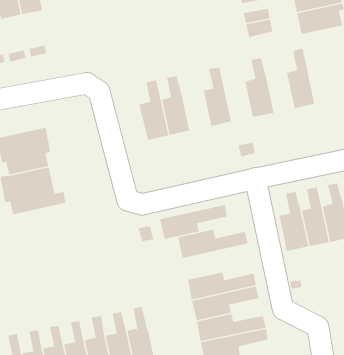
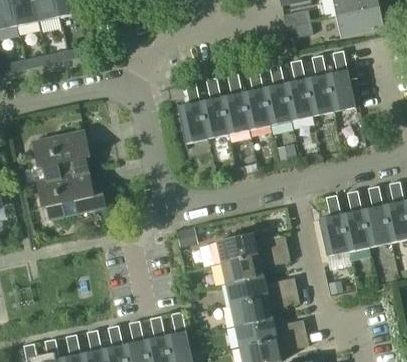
building: none -> [306,55,334,116]
building: none -> [263,64,292,125]
building: none -> [221,73,250,134]
building: [159,204,227,240] -> [221,248,290,284]

